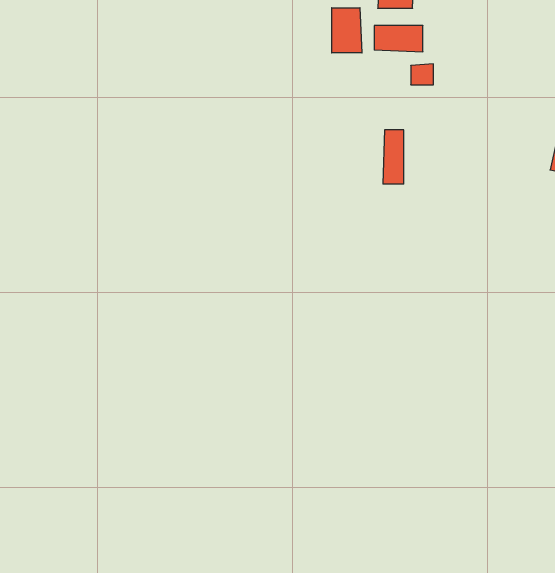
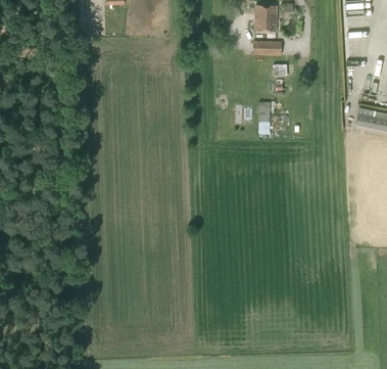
building: [332,8,362,53] -> none

